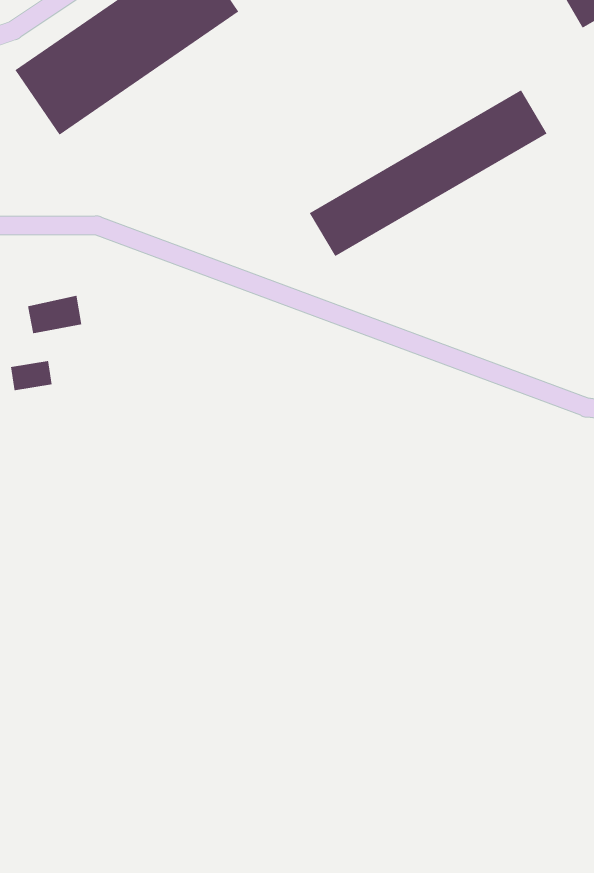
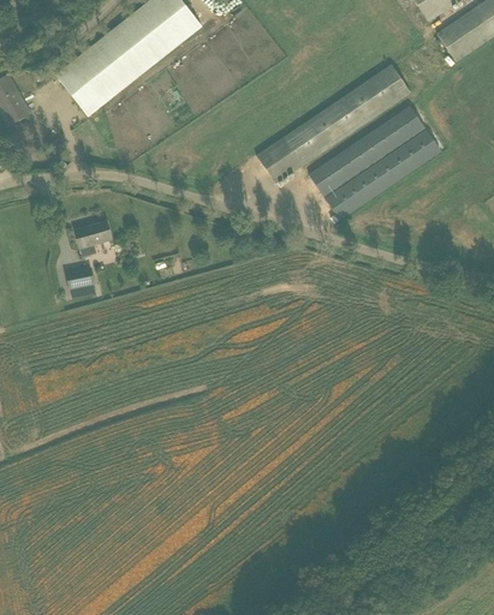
building: none -> [309,106,440,219]

